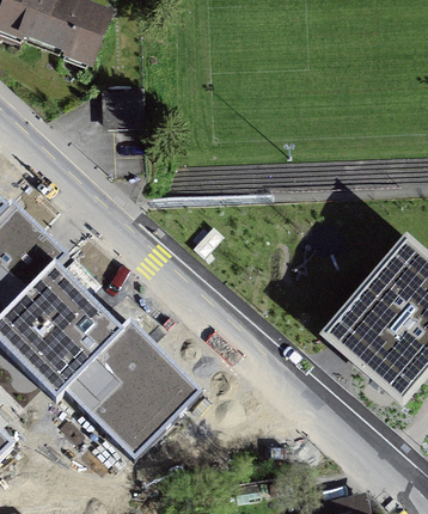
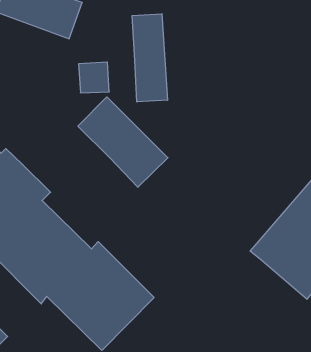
building: none -> [132,14,168,102]
building: none -> [78,97,168,187]

